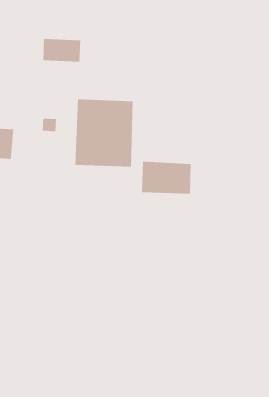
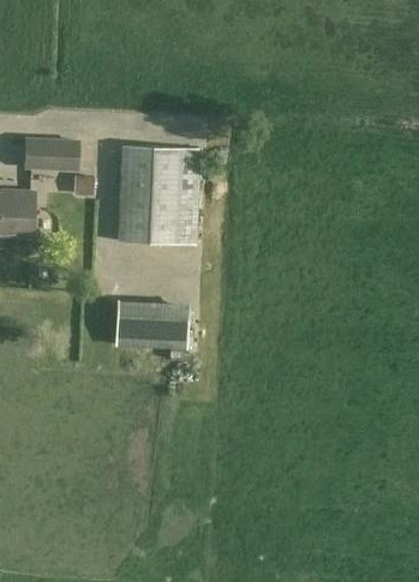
building: [42,38,81,62] -> [23,137,78,172]
building: [141,161,192,195] -> [115,300,187,348]

